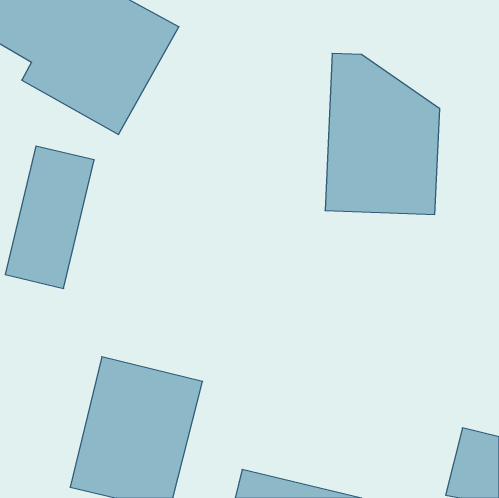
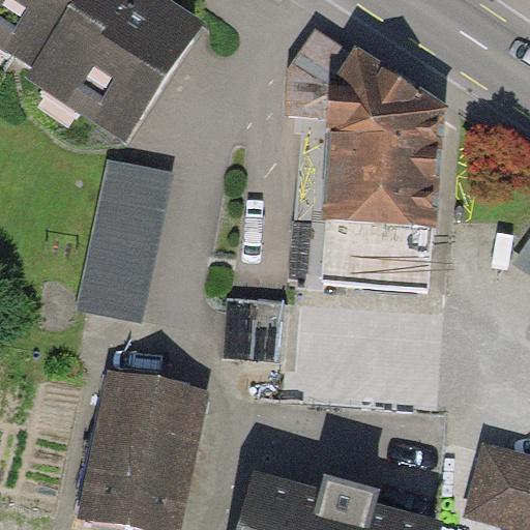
building: [5,146,94,288] -> [76,161,169,311]

